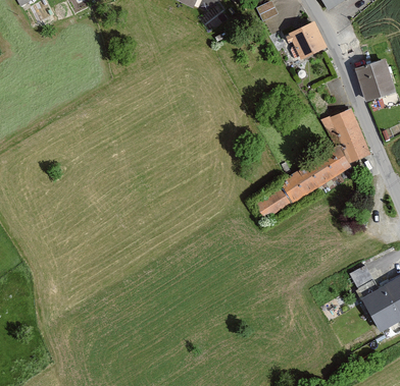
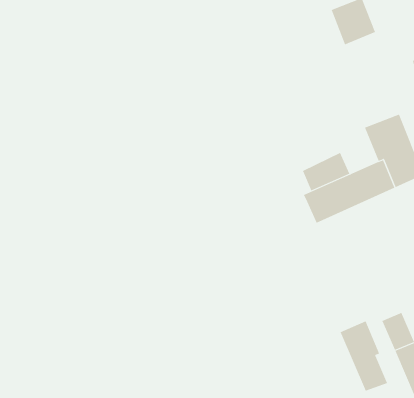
building: [254,184,292,217] -> [302,152,350,191]
building: none -> [340,320,388,392]

